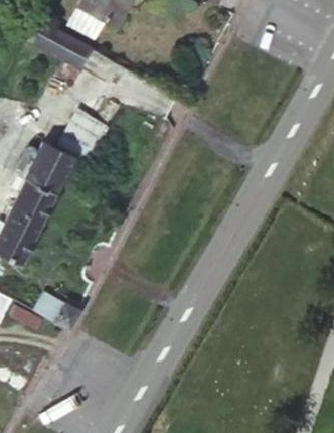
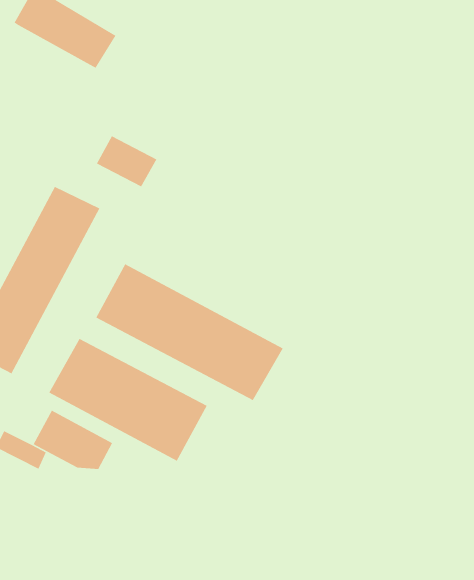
building: none -> [95,263,284,401]
building: none -> [48,338,208,462]

